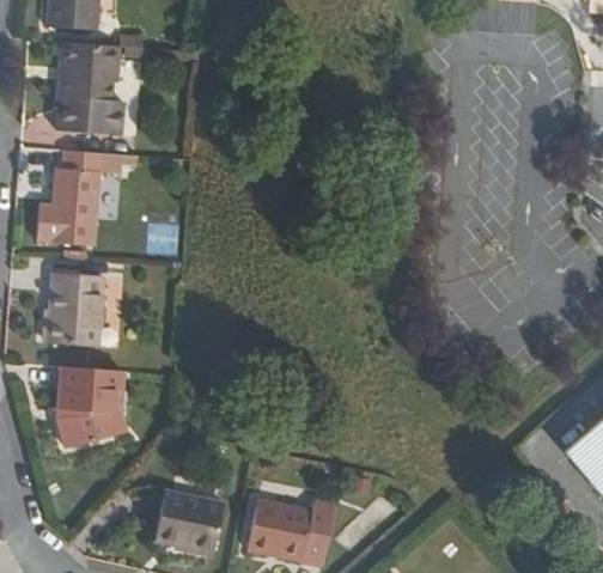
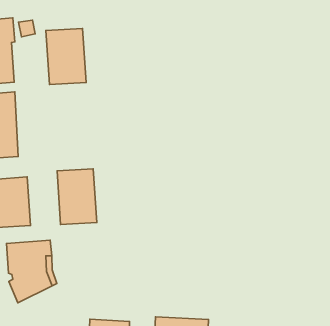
building: none -> [46,28,86,85]
building: none -> [57,169,97,225]

